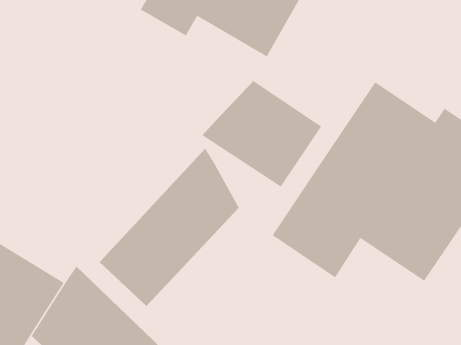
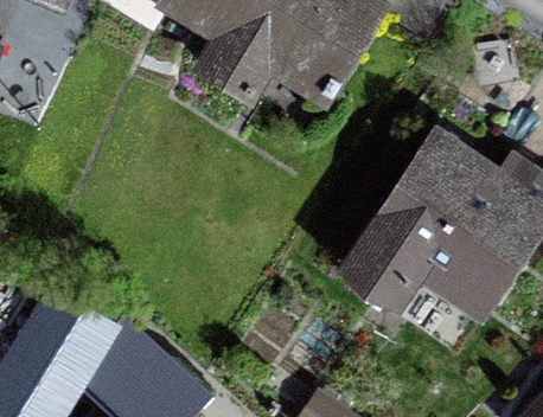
building: [201,80,322,187] -> none
building: [99,148,240,307] -> none

